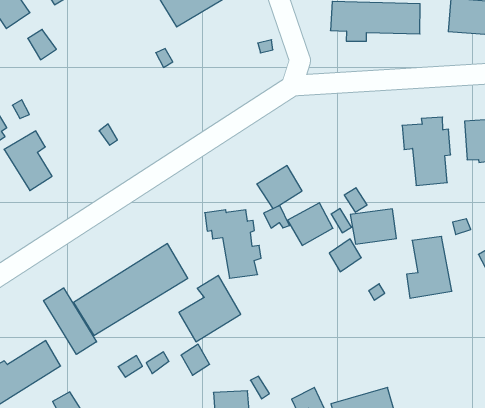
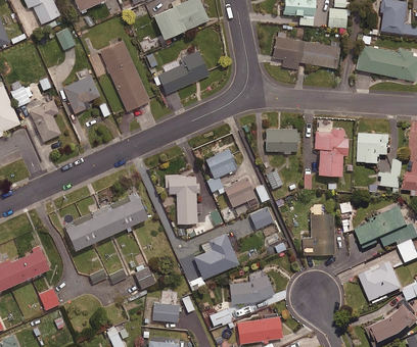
building: none -> [153,49,208,93]
building: none -> [100,41,149,110]
building: none -> [63,76,99,112]
building: [350,209,396,244] -> [266,129,296,150]
building: [179,275,241,342] -> [194,234,238,279]
building: [44,288,97,354] -> none
building: none -> [230,267,275,303]

